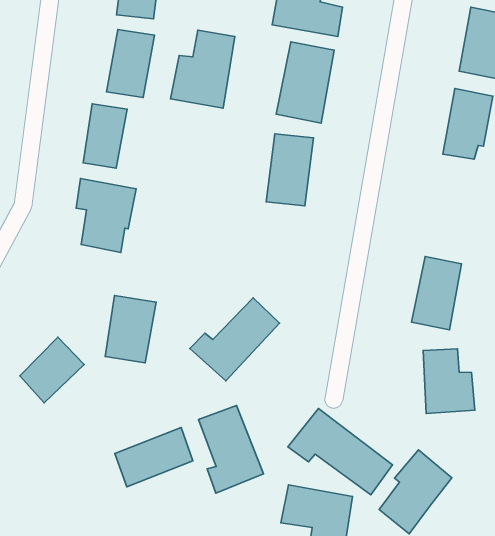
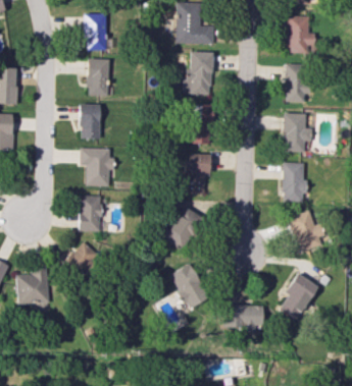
building: [171,30,235,108] -> none
building: none -> [285,113,307,152]
building: none -> [185,154,211,195]
building: [105,296,156,363] -> [80,196,104,231]
building: [288,408,392,495] -> none
building: [115,428,193,487] -> none

